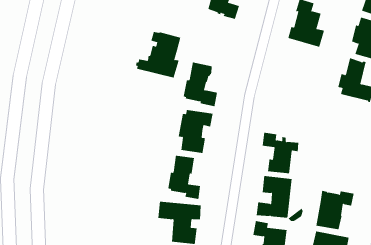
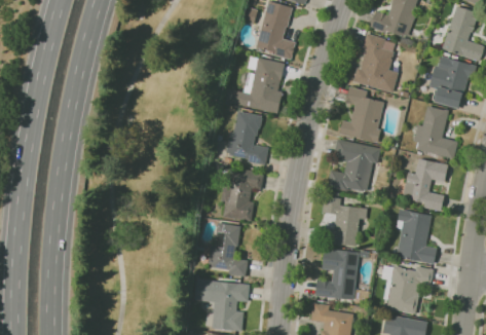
building: [135,32,181,78] -> [229,57,285,113]
building: none -> [339,86,384,143]
building: none -> [327,139,381,191]
building: none -> [402,158,448,211]
building: none -> [396,209,437,263]

